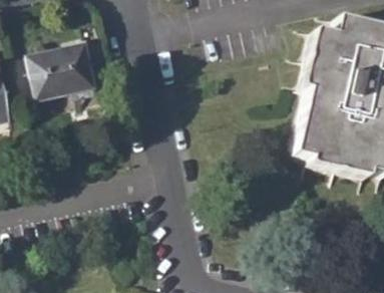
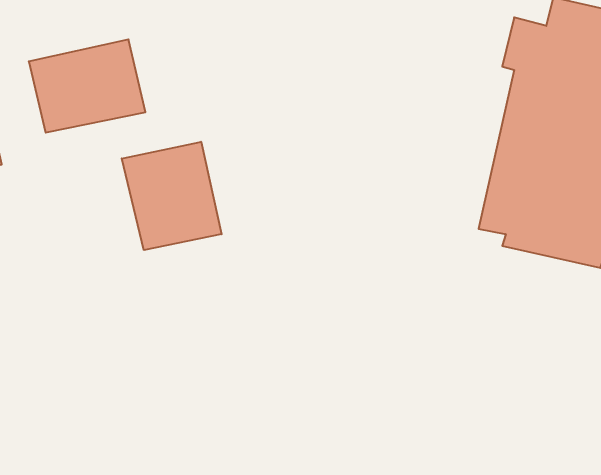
building: none -> [122,142,222,250]

